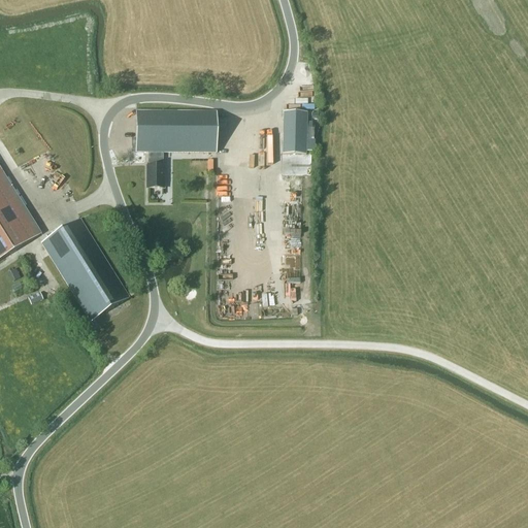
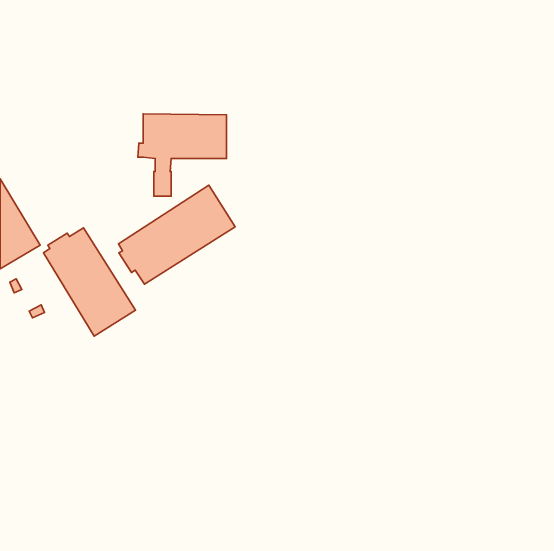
building: [282,109,307,152] -> none
building: none -> [119,185,235,284]

